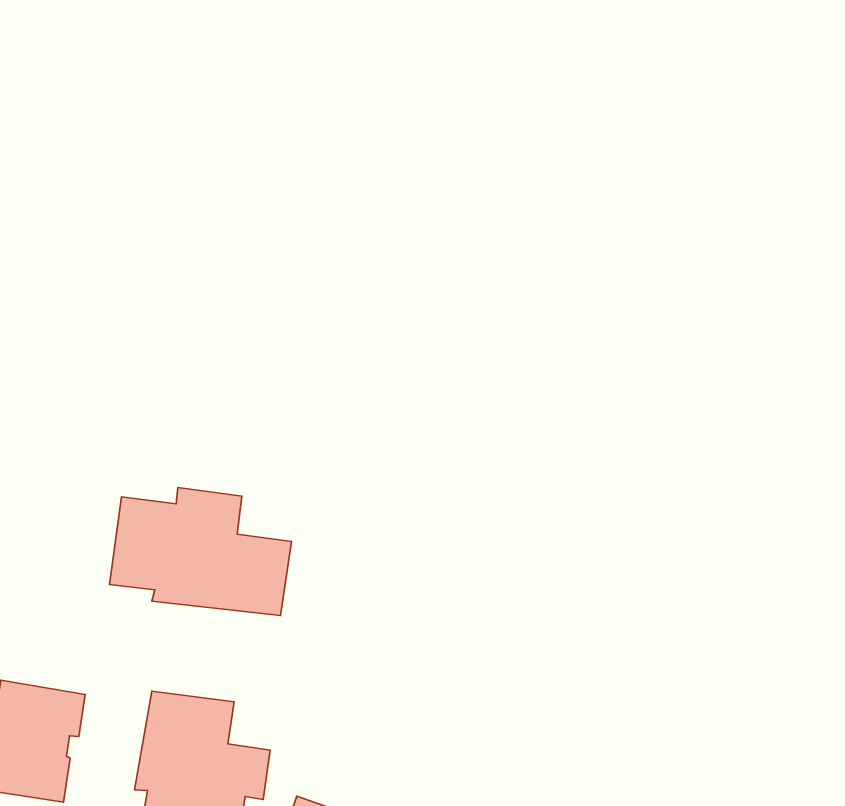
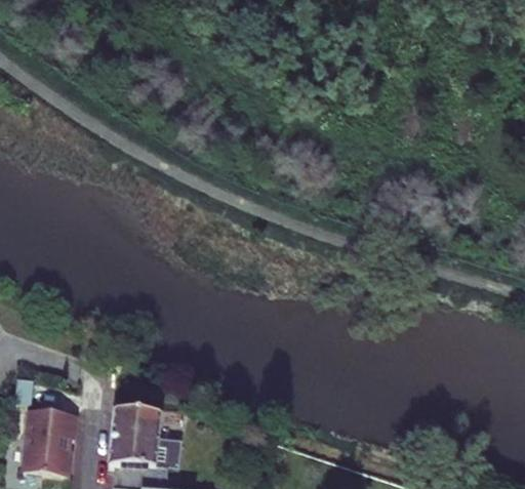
building: [110,487,292,616] -> none

